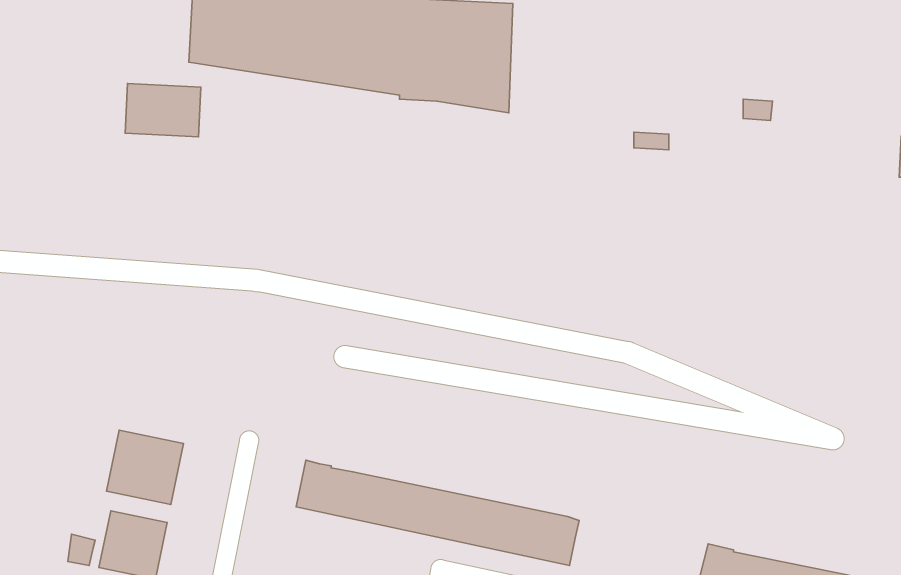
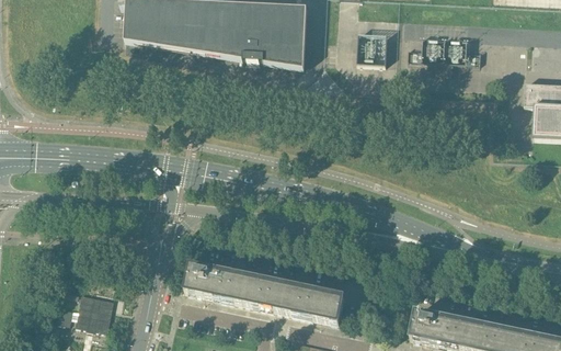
building: [125,84,201,137] -> none
building: [106,430,183,504] -> none

